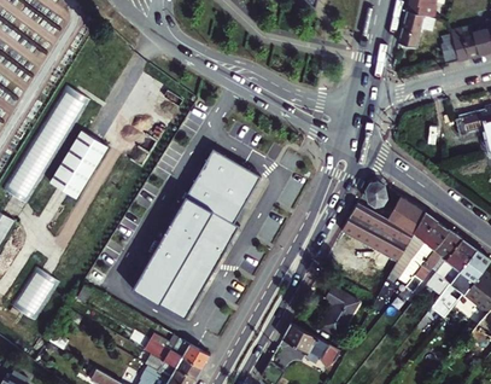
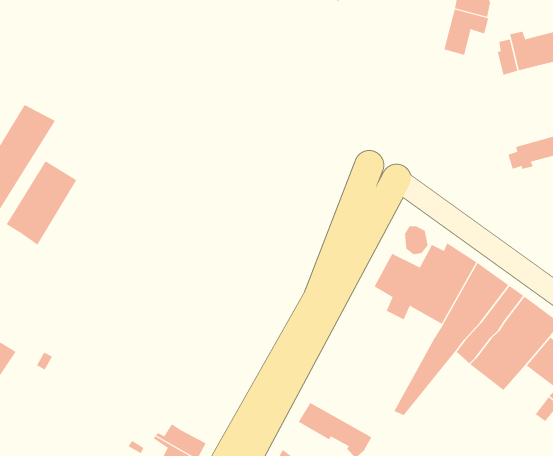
building: [130,149,259,320] -> none
building: [323,287,360,337] -> none

